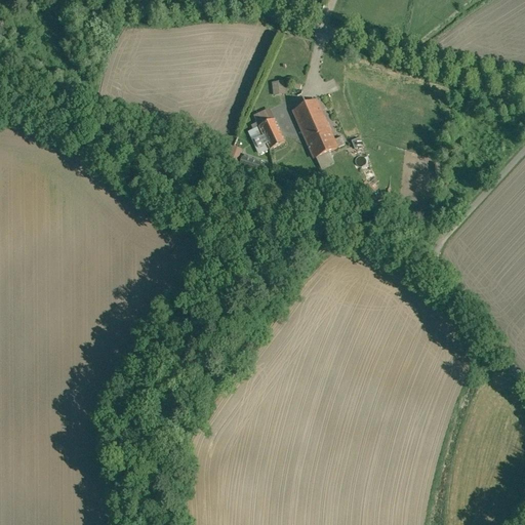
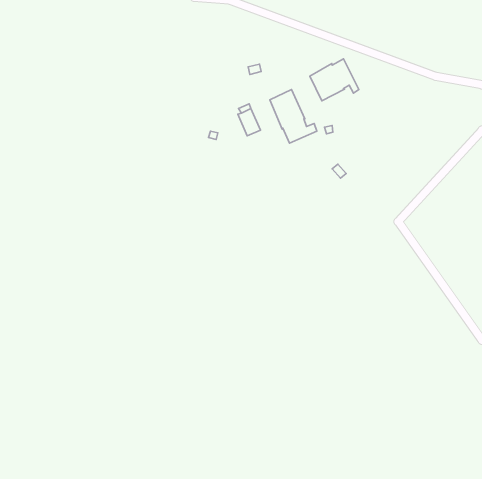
building: none -> [310,59,359,101]

